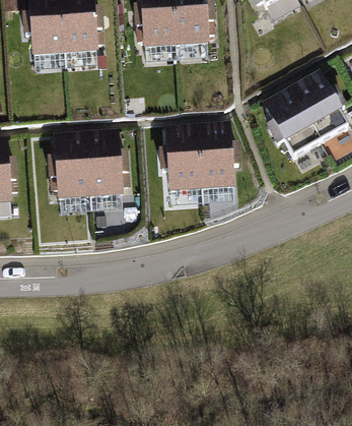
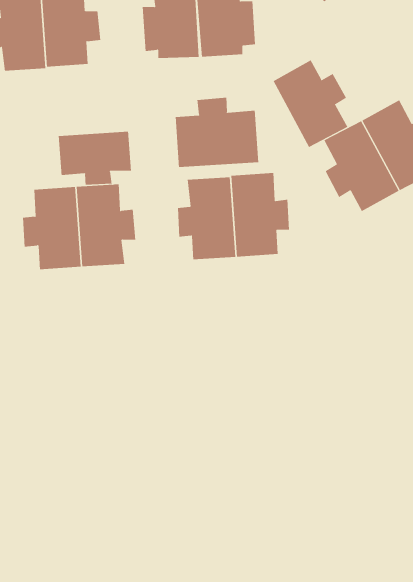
building: none -> [273,60,348,148]
building: none -> [175,97,259,168]
building: none -> [58,131,132,186]

